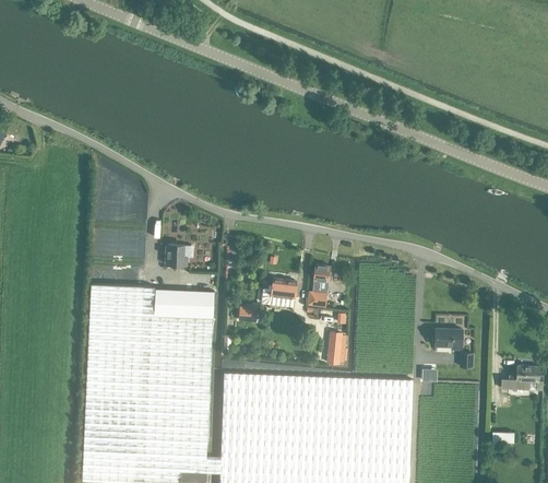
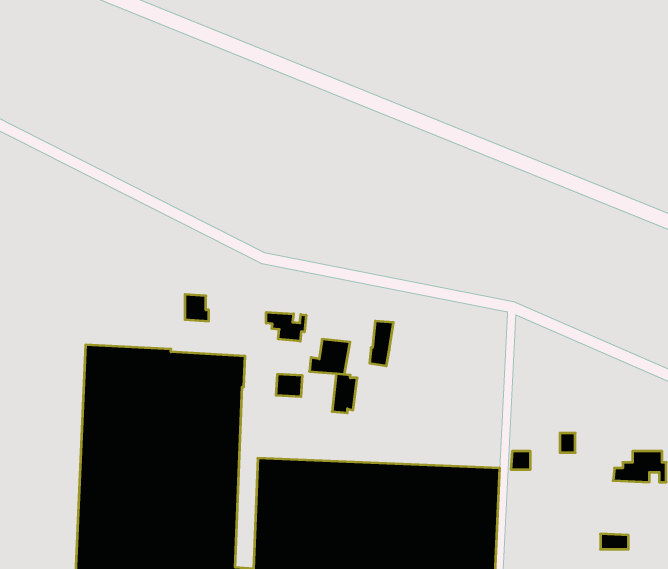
building: none -> [266,312,306,341]
building: [437,330,463,350] -> none
building: [326,333,346,364] -> [332,374,357,413]

